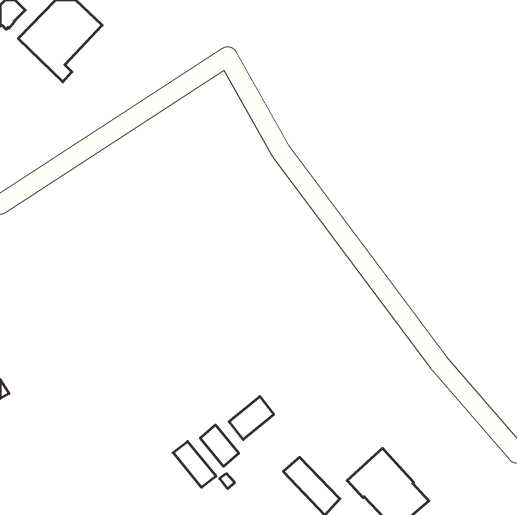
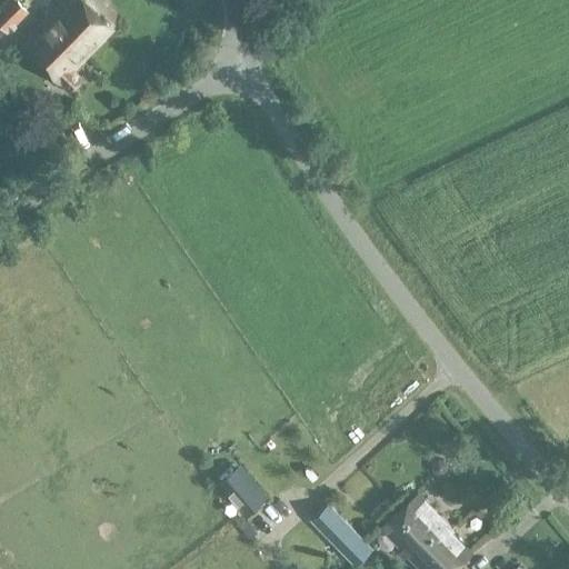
building: [229,396,274,440] -> none
building: [173,441,216,487] -> none

